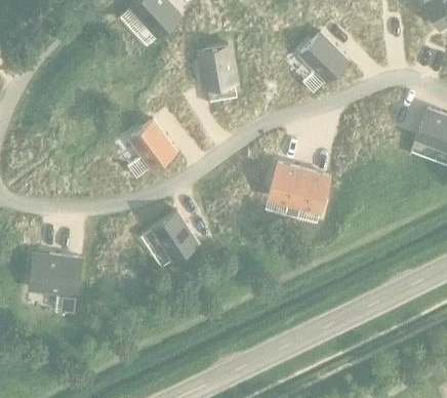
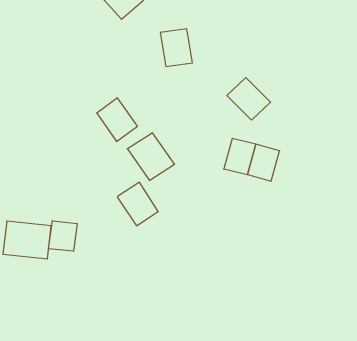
building: [300,34,348,80] -> [227,78,271,120]
building: none -> [127,133,174,180]
building: none -> [49,221,77,251]

